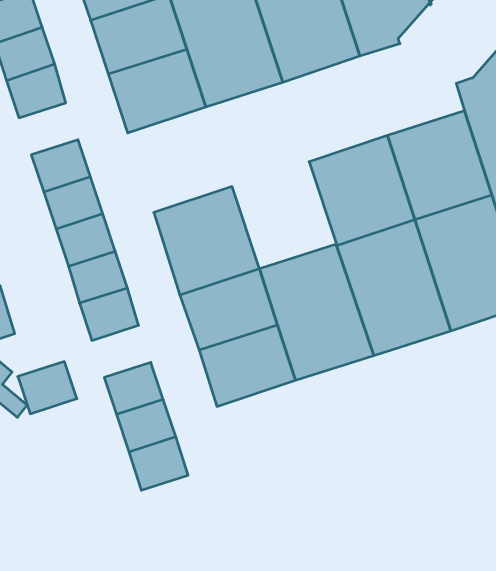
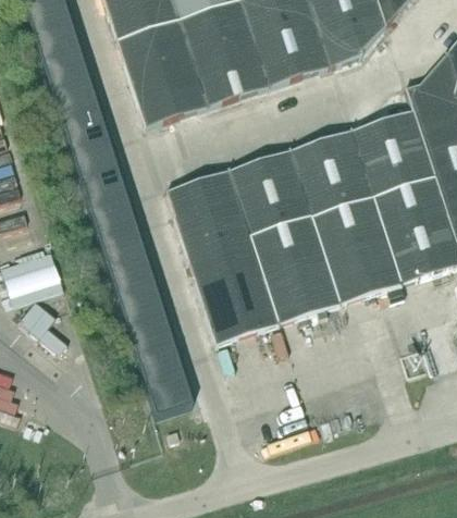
building: none -> [60,104,107,146]
building: none -> [228,151,311,236]
building: [18,362,77,414] -> [118,281,164,322]

